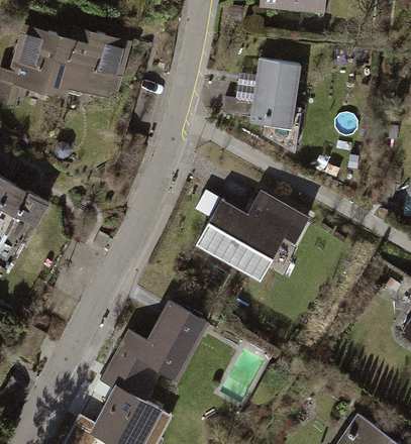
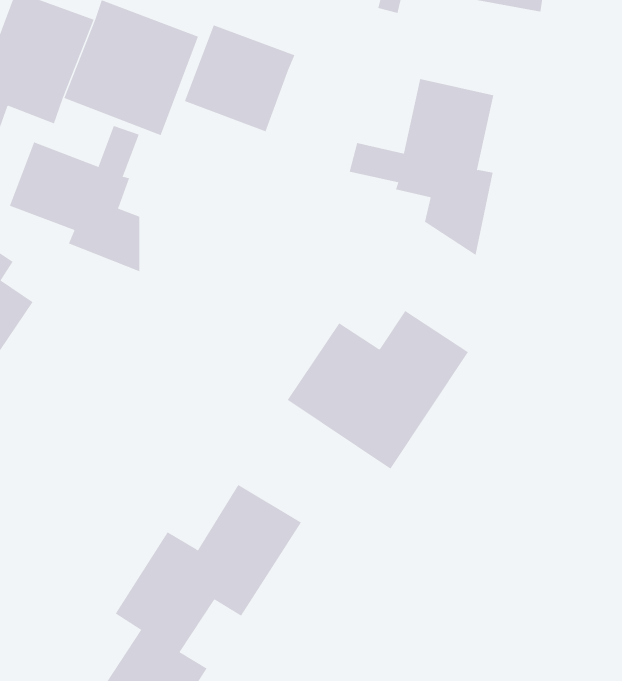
building: none -> [184,24,295,132]
building: none -> [9,125,140,272]

